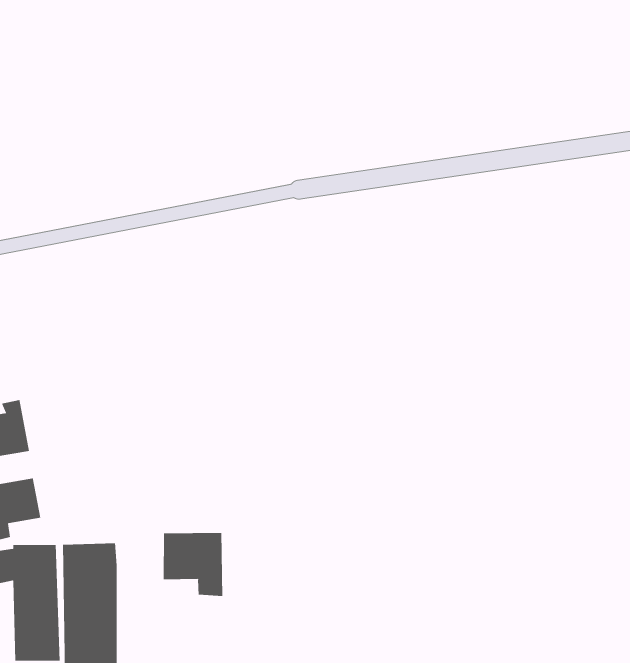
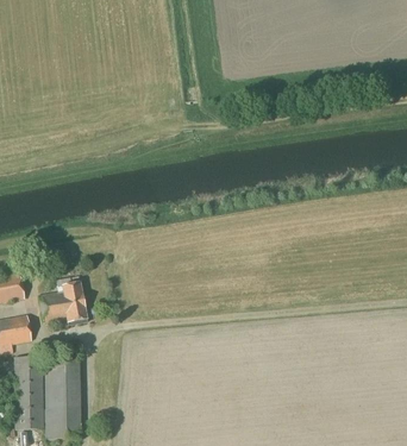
building: none -> [40,282,88,323]
building: [163,532,223,597] -> none

